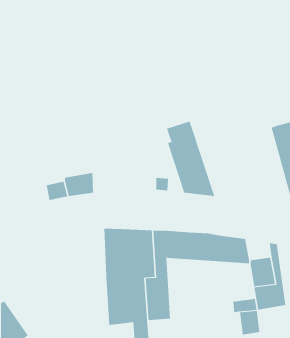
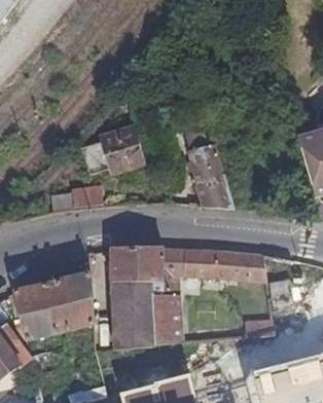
building: none -> [97,124,145,177]
building: none -> [13,273,94,339]

